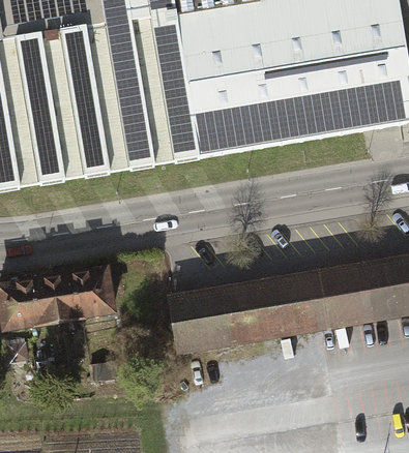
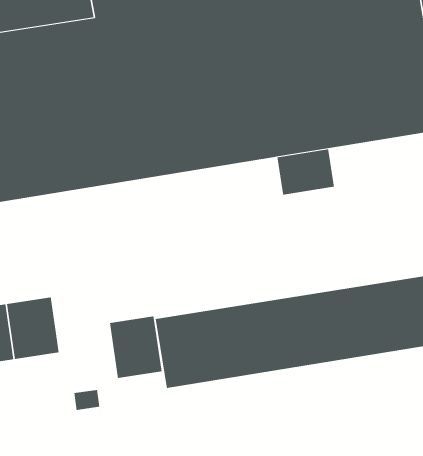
building: none -> [277,149,335,195]
building: [71,265,119,321] -> [109,316,162,379]

